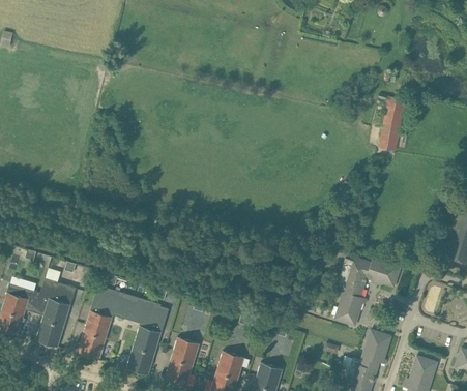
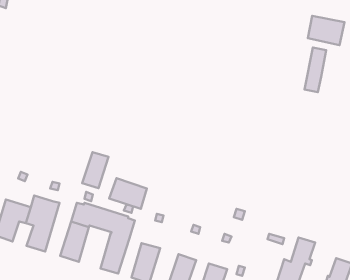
building: none -> [308,16,345,45]
building: none -> [82,152,108,188]
building: none -> [109,178,147,209]
building: [334,258,401,326] -> none

